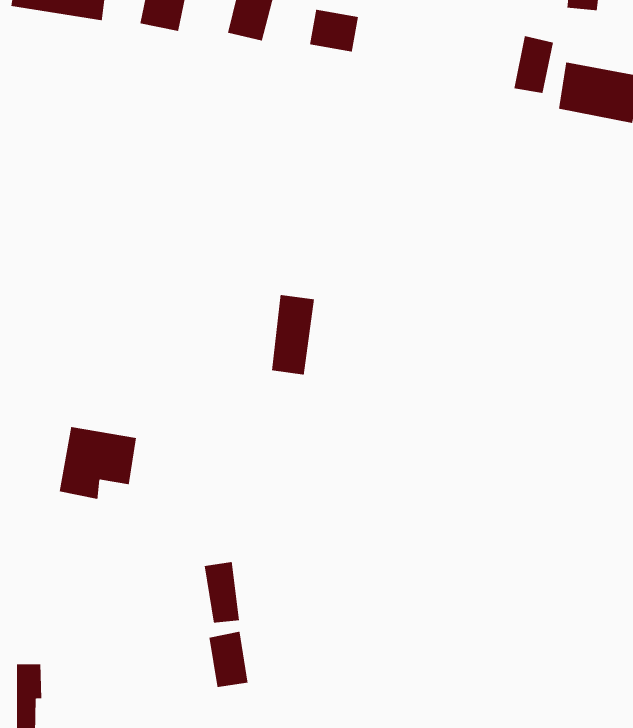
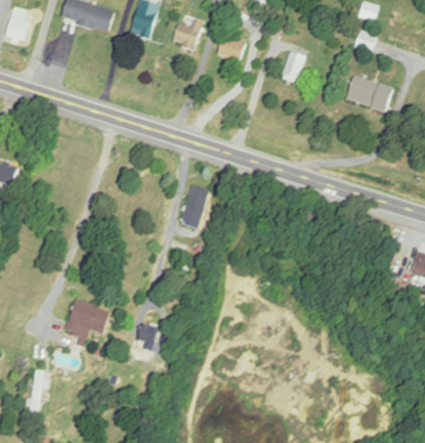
building: [514,35,554,94] -> [282,51,305,83]
building: [59,427,137,499] -> [65,300,109,340]
building: [209,631,248,688] -> none

